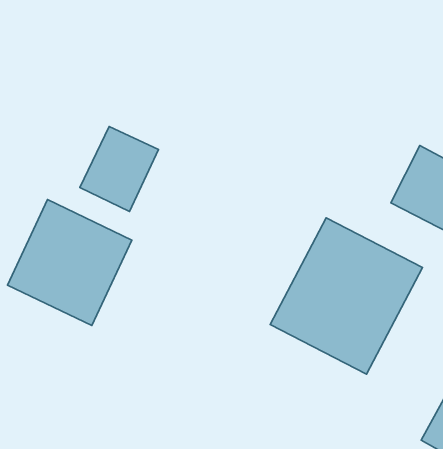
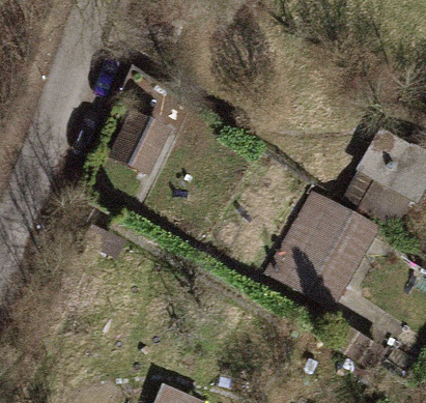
building: [7,200,132,325] -> none

